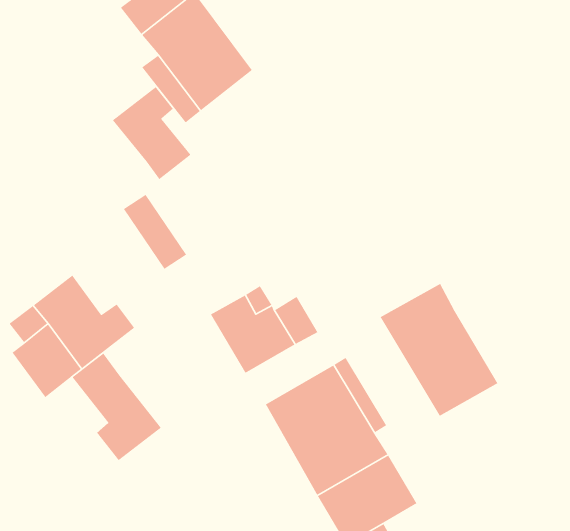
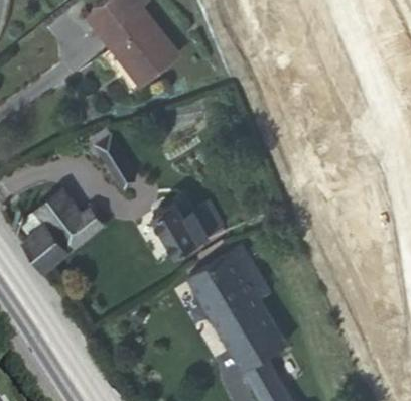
building: [112,86,192,180] -> none
building: [379,283,498,417] -> none
building: [71,353,162,461] -> none

